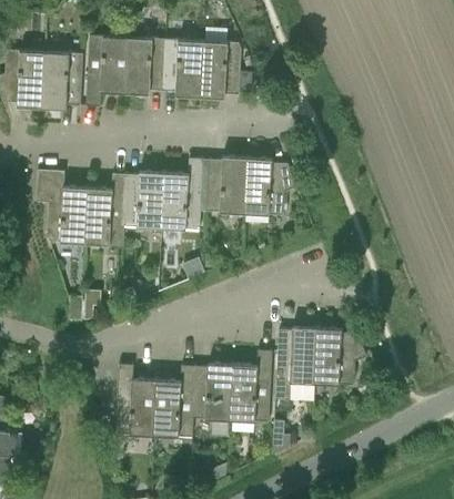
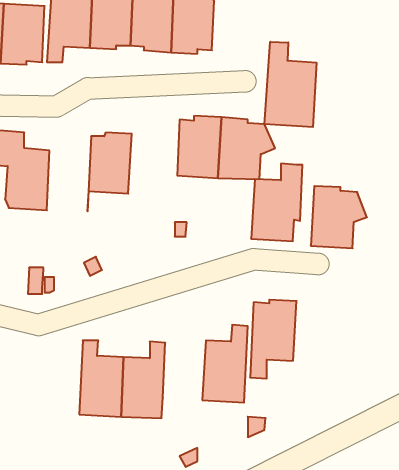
building: none -> [264,42,316,127]
building: [161,159,209,231] -> [251,164,302,241]
building: [85,174,127,245] -> none
building: [314,328,366,386] -> [311,186,367,248]
building: [193,364,233,420] -> none

